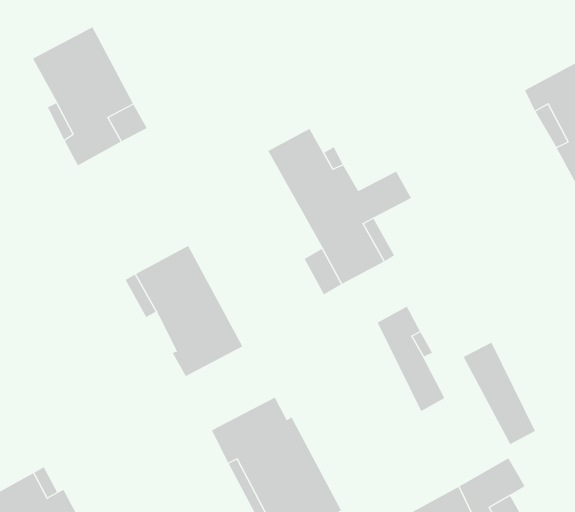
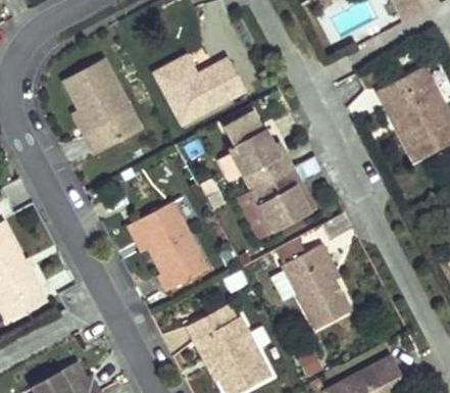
building: none -> [150,57,237,118]
building: [463,342,536,445] -> [276,253,324,323]

